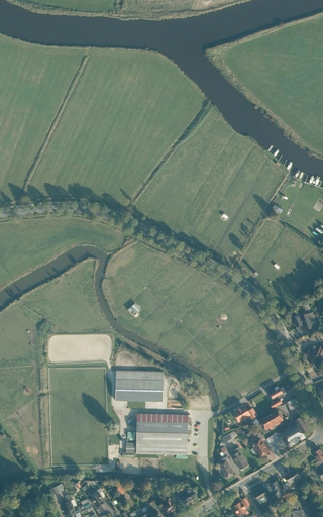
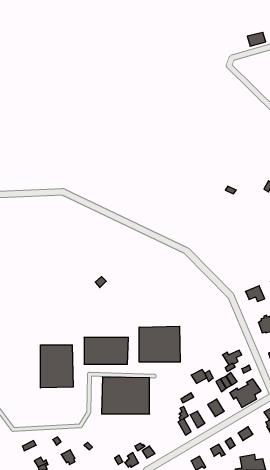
building: none -> [139,326,180,362]
building: none -> [41,345,73,388]

